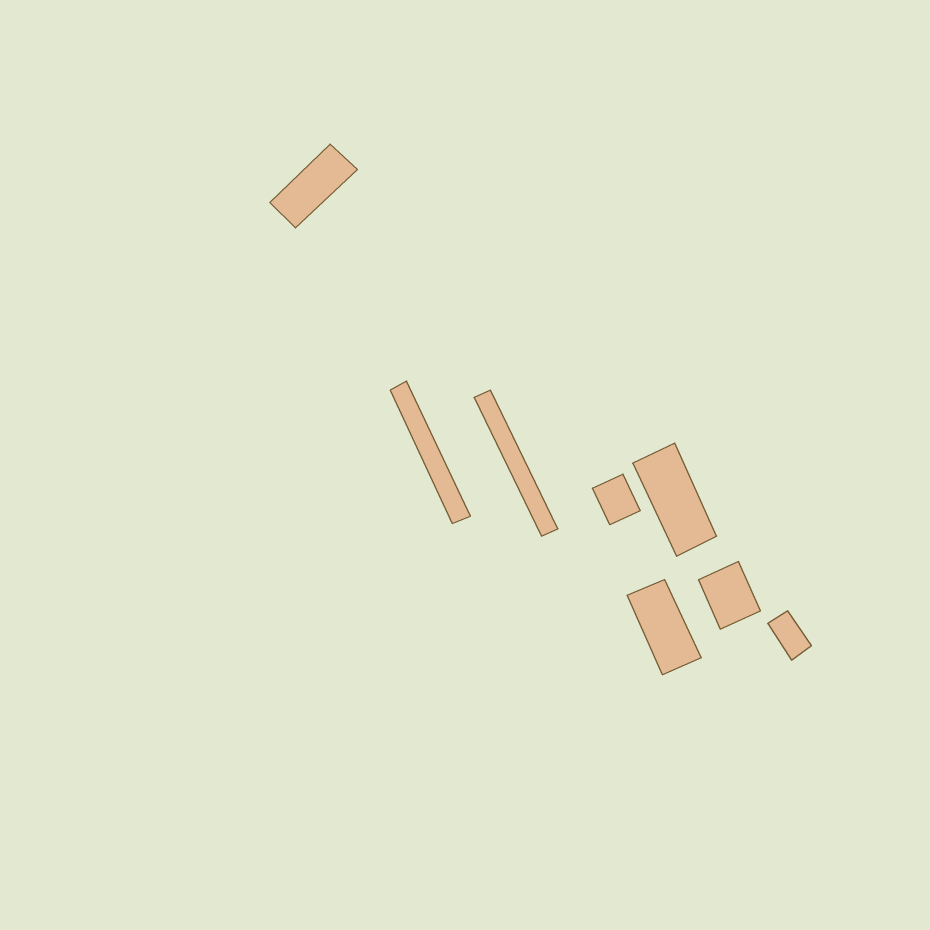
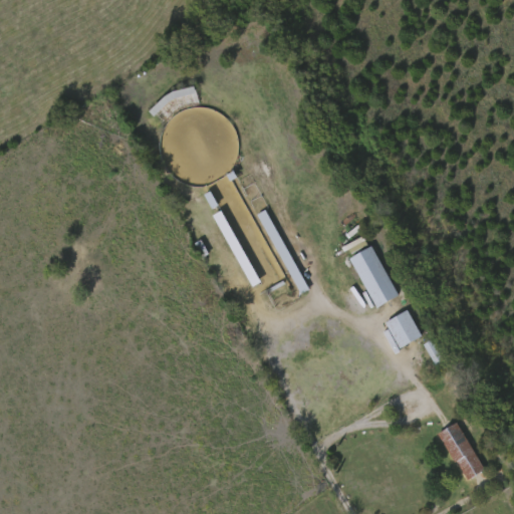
building: [593,474,640,525] -> none
building: [627,580,701,675] -> none
building: none -> [438,421,483,479]

